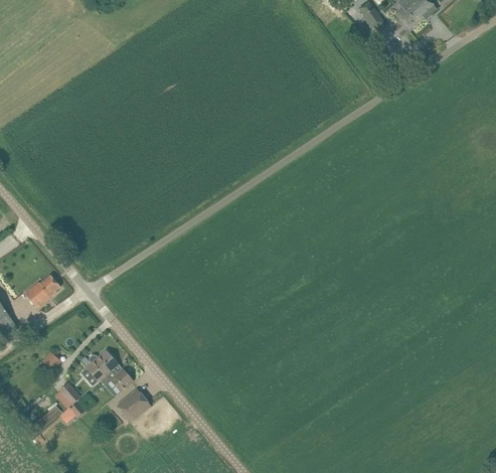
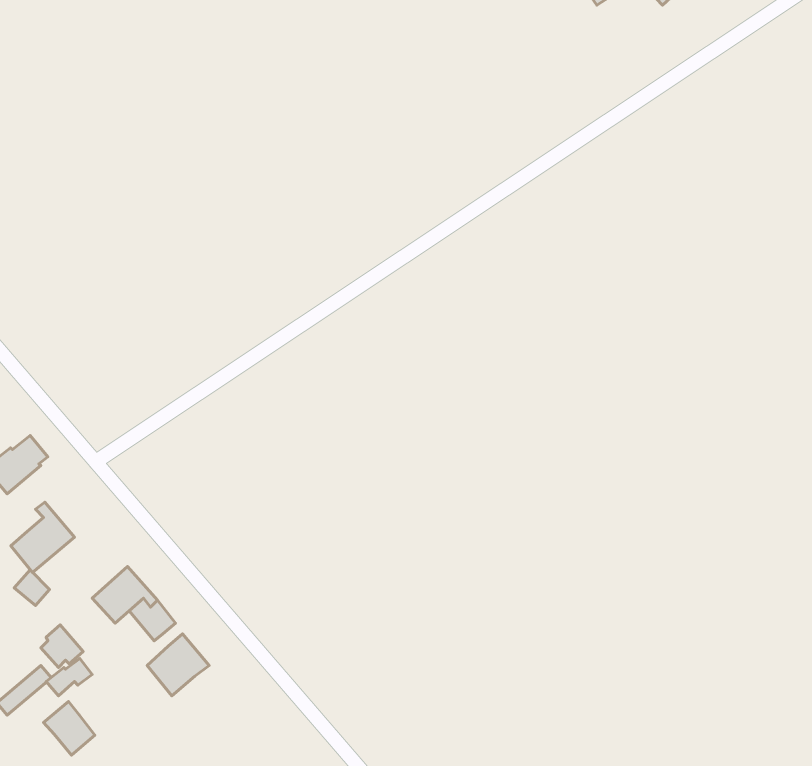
building: none -> [11,502,74,572]
building: none -> [43,702,95,755]

